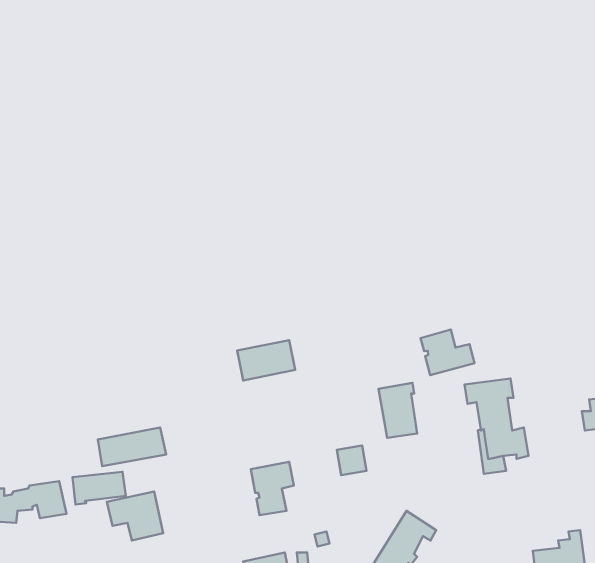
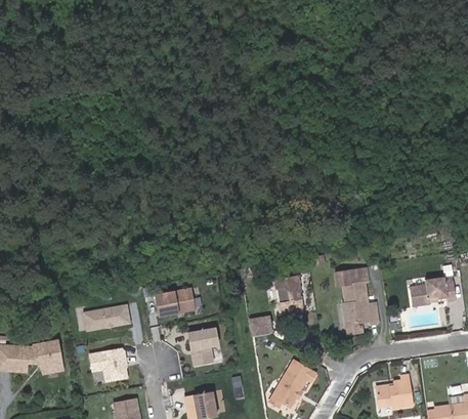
building: [421,329,475,375] -> none
building: [237,340,295,380] -> [153,287,193,315]
building: [73,472,126,505] -> none

